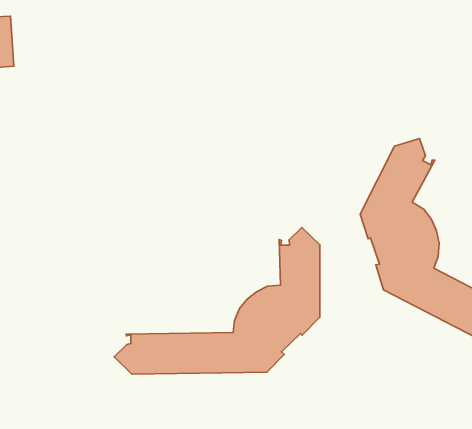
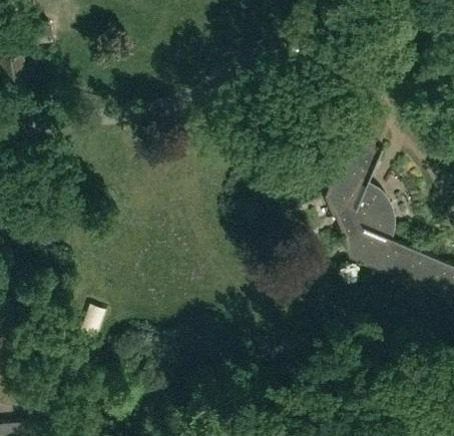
building: [114,227,320,374] -> none

